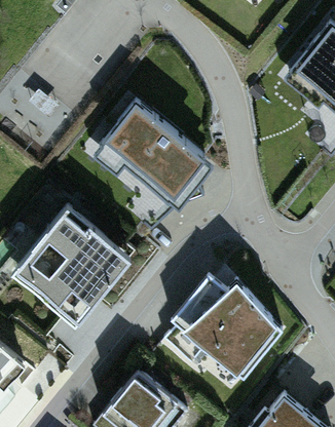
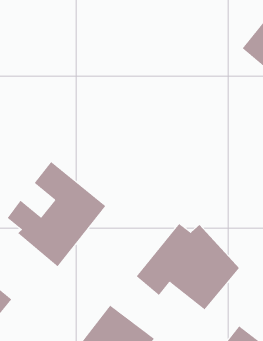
building: [87,96,214,207] -> none

